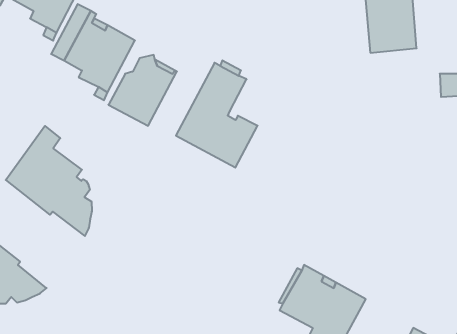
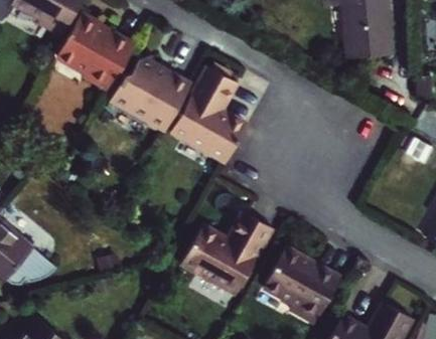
building: none -> [146,72,190,132]
building: [6,126,92,236] -> none
building: none -> [184,212,275,295]

